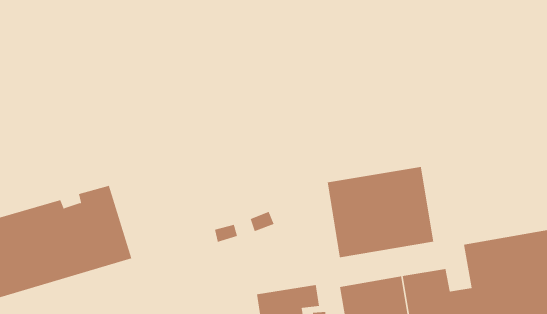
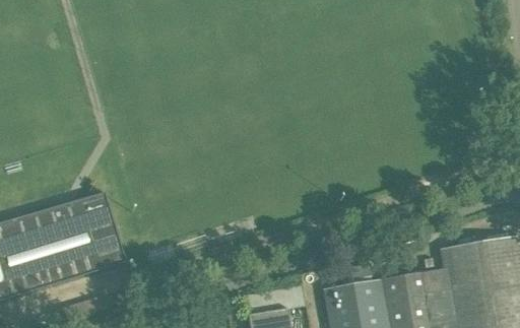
building: [327,166,434,258] -> none

